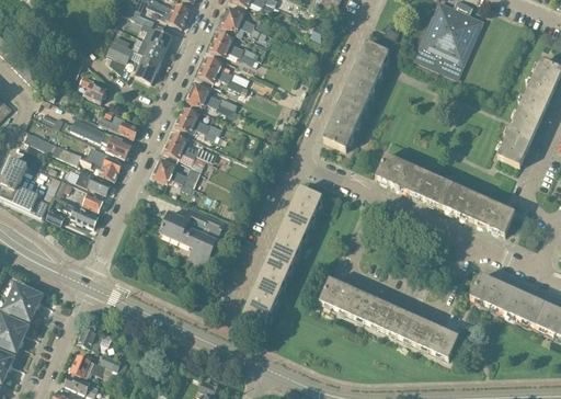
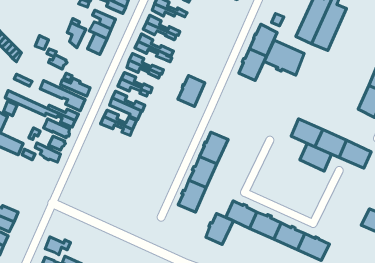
building: none -> [264,40,304,75]
building: [323,107,359,149] -> [178,76,205,107]
building: [375,155,417,192] -> [300,143,332,171]
building: [160,208,225,264] -> none
building: [470,274,513,311] -> none
building: [242,284,279,326] -> [206,214,234,245]

